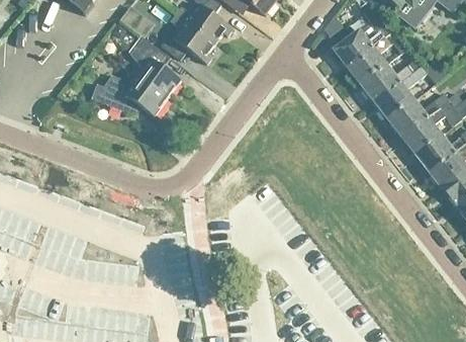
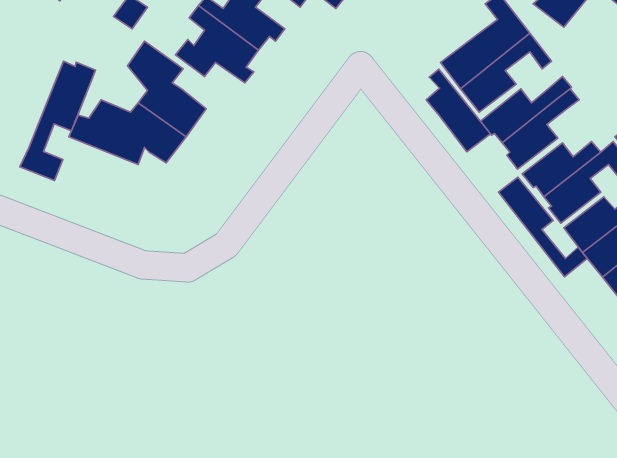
building: none -> [20,61,95,181]
building: none -> [426,69,490,152]
building: none -> [499,177,587,277]

